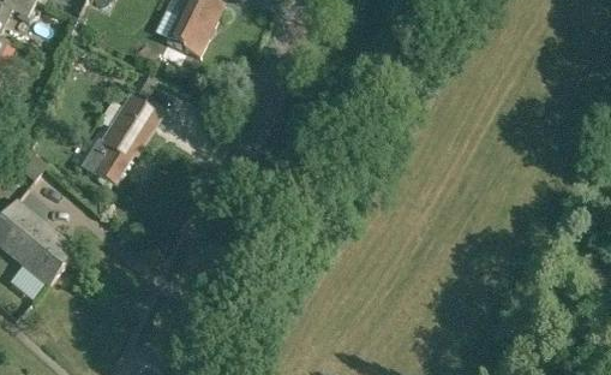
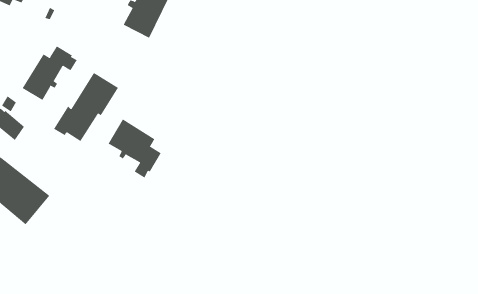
building: none -> [22,46,77,101]
building: none -> [108,119,161,179]

